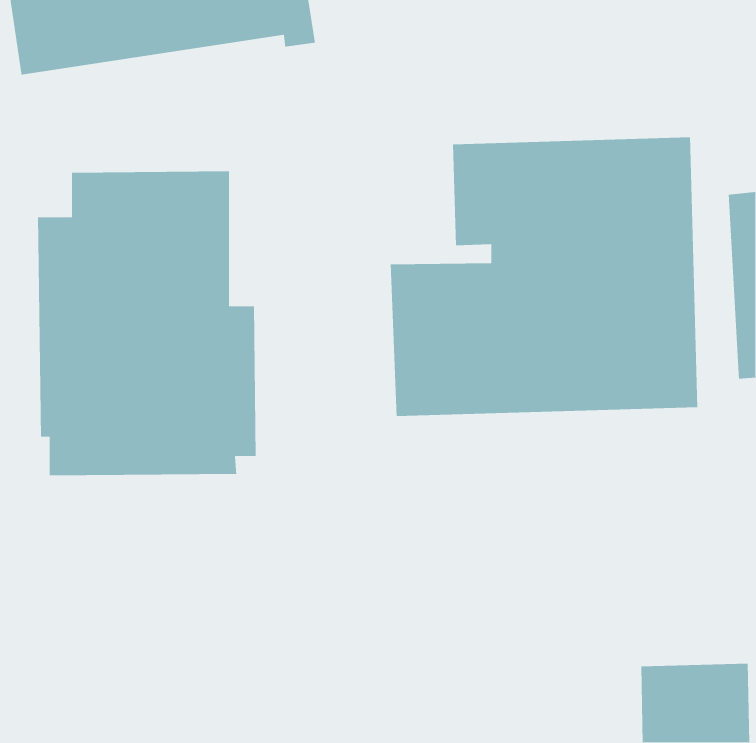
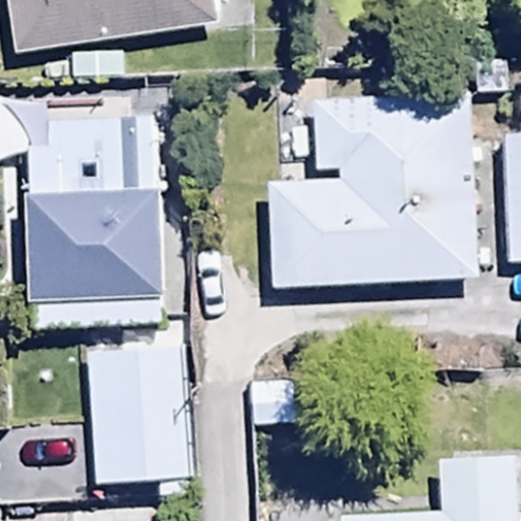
building: none -> [83,346,190,481]

